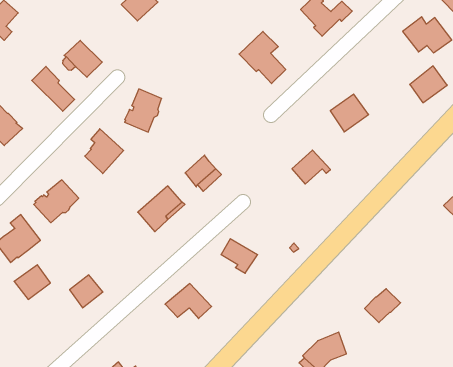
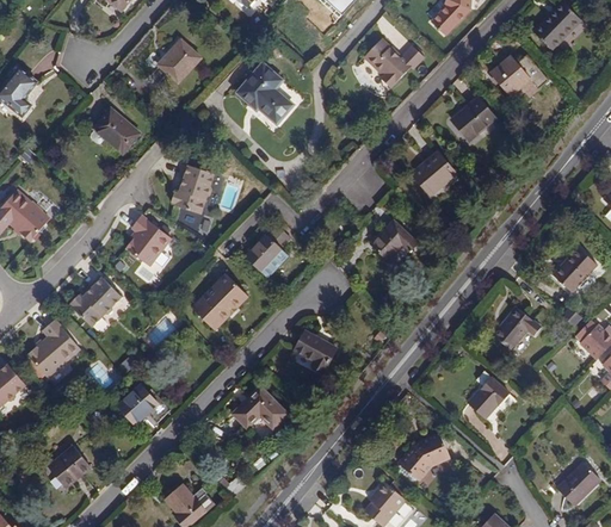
building: [239,31,286,84] -> [235,63,291,124]
building: [410,66,447,103] -> [451,97,495,141]
building: [32,66,75,111] -> none
building: none -> [492,308,539,351]
building: [14,265,50,299] -> [47,446,90,488]

